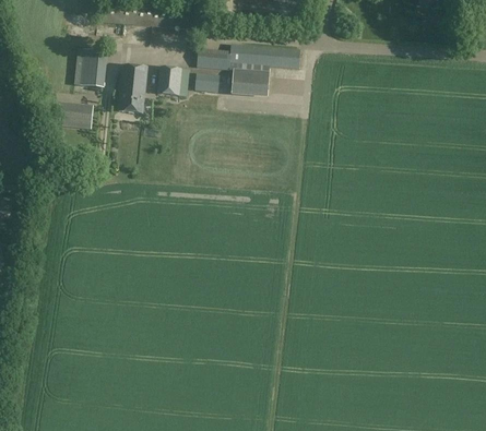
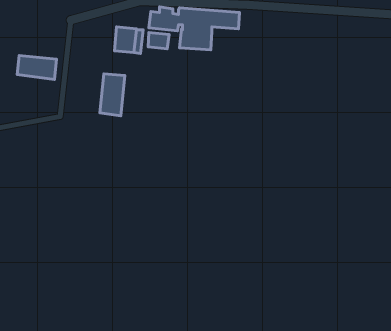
building: [74,50,108,89] -> none
building: [119,67,147,115] -> [100,74,125,116]

